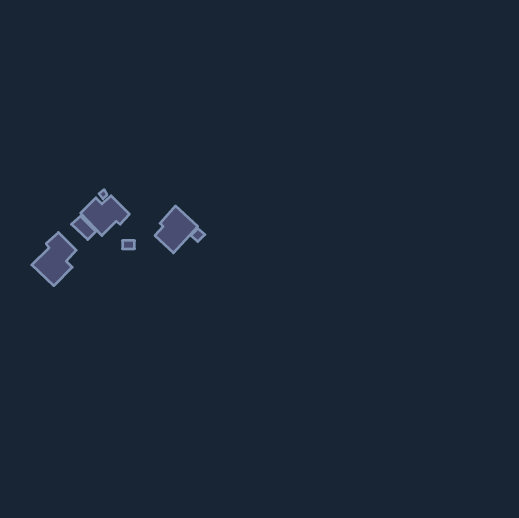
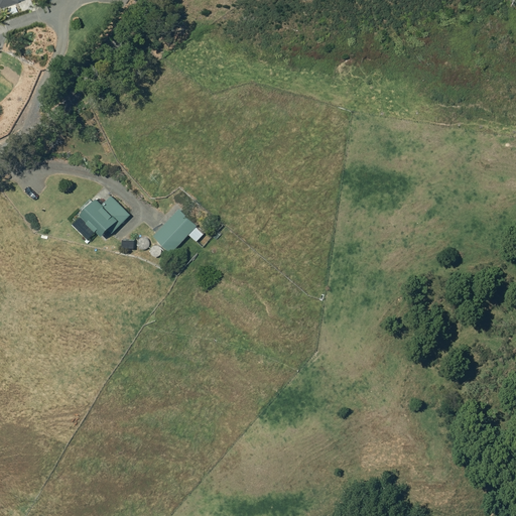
building: [32,232,76,286] -> none

